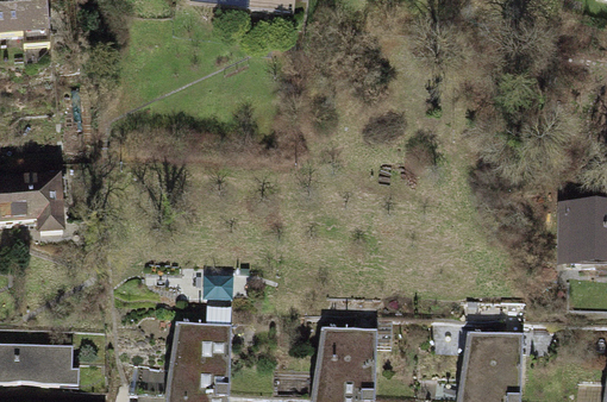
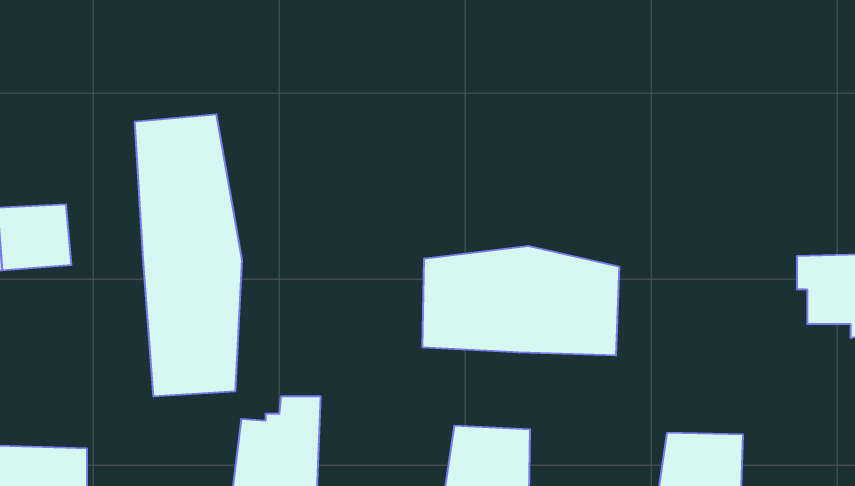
building: none -> [135,114,242,397]
building: none -> [422,246,619,356]

